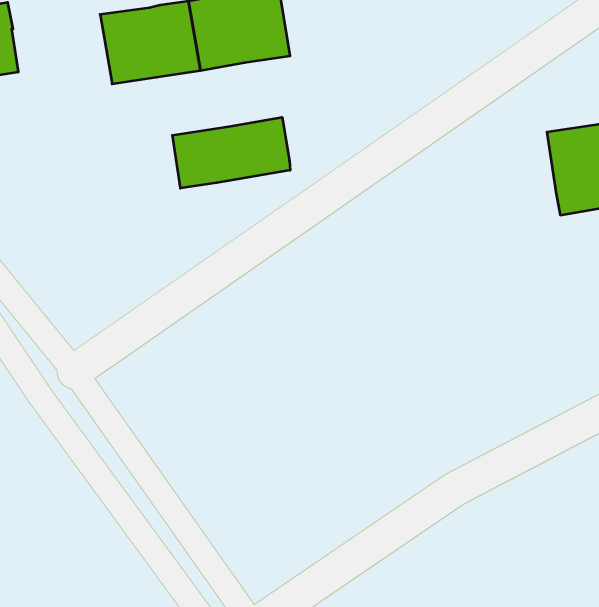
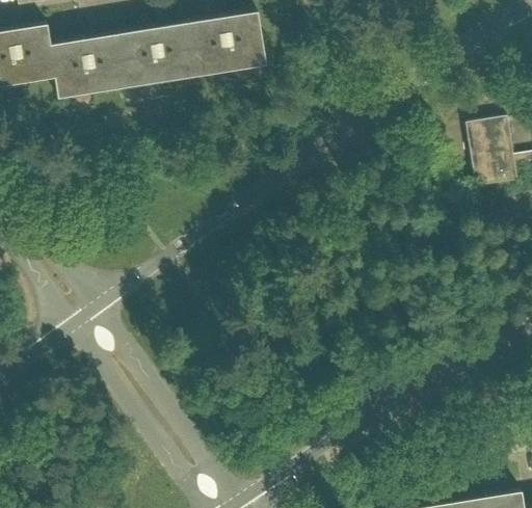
building: none -> [50,33,128,99]
building: [172,117,290,188] -> none

